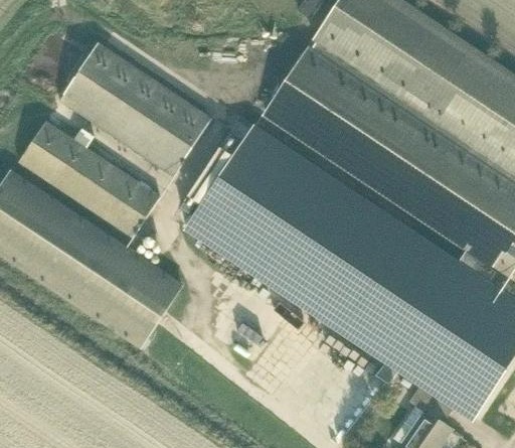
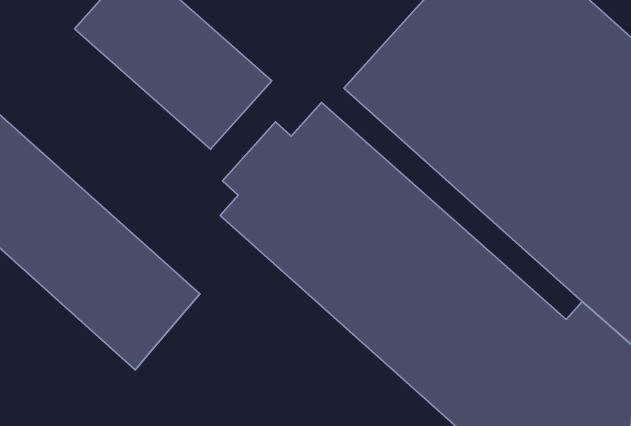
building: [17,120,158,238] -> none

